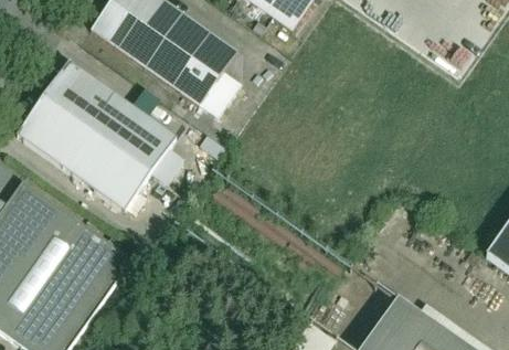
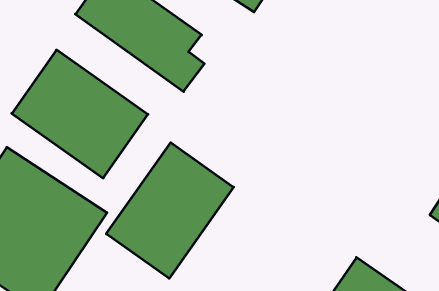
building: none -> [106,143,234,278]

